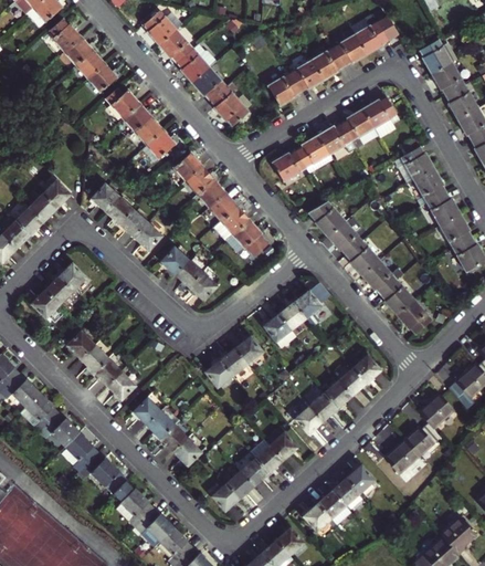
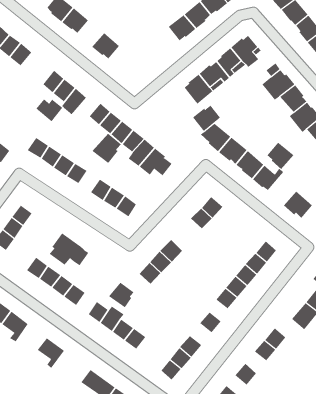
building: [176,43,215,82] -> none
building: [266,72,299,106] -> none
building: [209,86,247,126] -> none
building: [105,87,139,118] -> [35,98,63,122]
building: [271,150,306,182] -> [192,105,221,132]
building: none -> [92,133,122,164]
building: [380,280,414,315] -> [266,142,294,170]
building: none -> [49,233,89,266]
building: [263,313,295,347] -> none
building: none -> [108,282,134,308]
building: [40,412,78,446] -> none
building: [250,439,283,472] -> none
building: [78,452,118,486] -> none
building: [318,490,350,523] -> none

